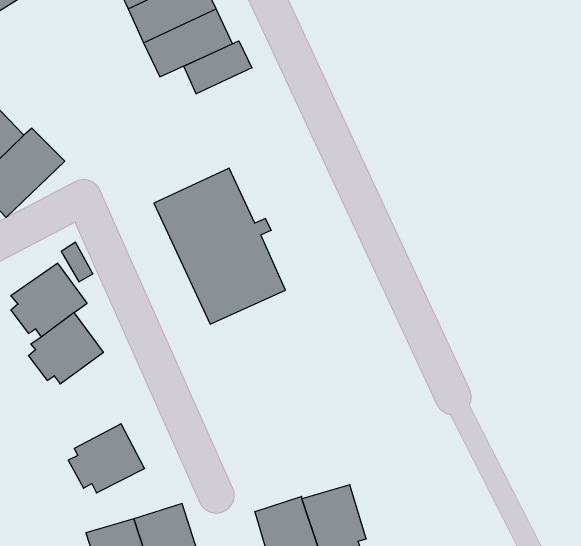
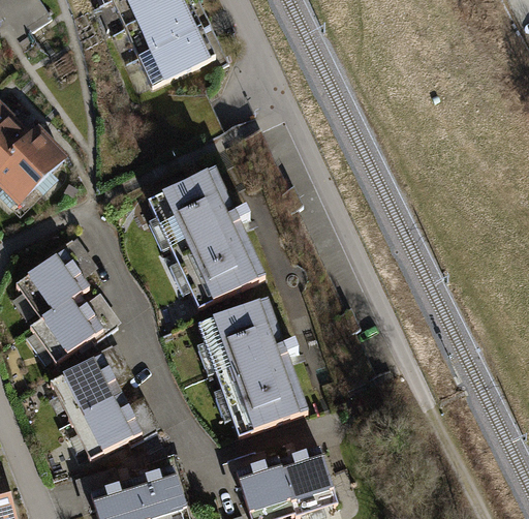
building: [184,41,252,94] -> none
building: none -> [195,304,304,433]
building: none -> [52,354,118,415]

